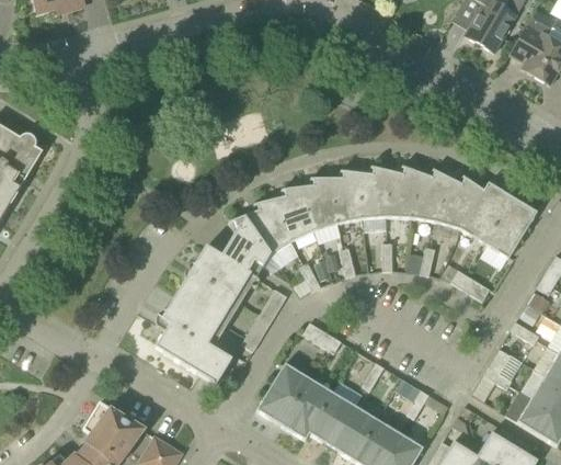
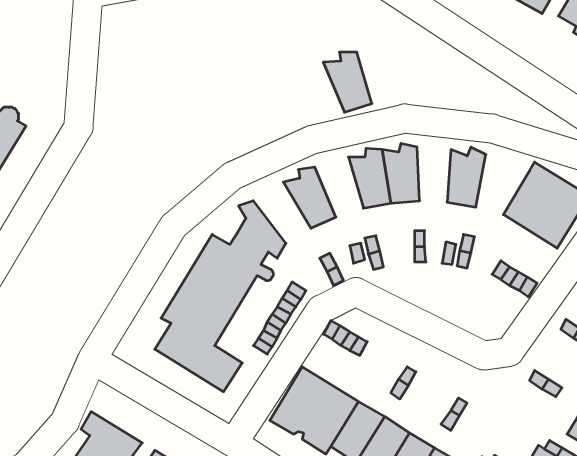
building: [385,166,414,217] -> none
building: [436,175,483,228] -> none
building: [295,178,337,230] -> [323,52,372,112]
building: [241,200,291,253] -> none

